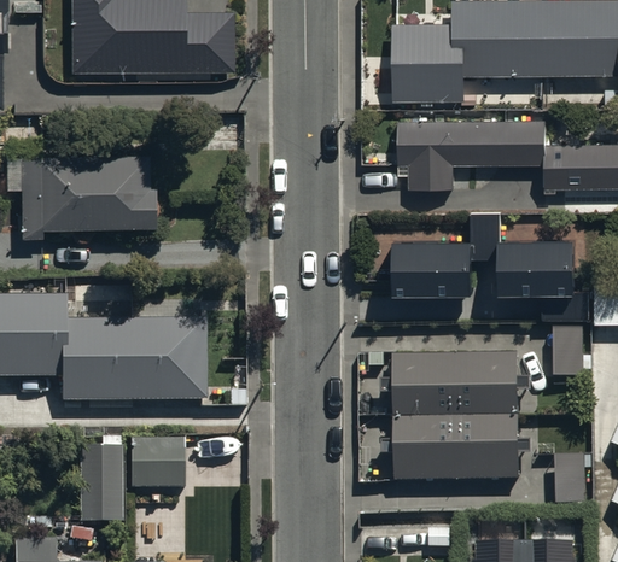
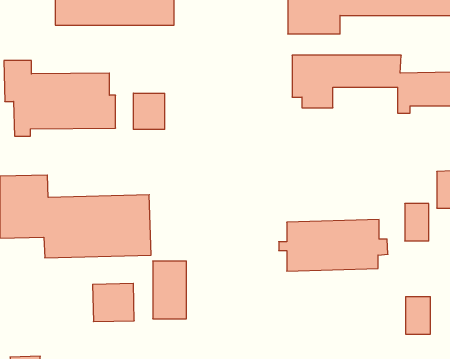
building: none -> [133,93,165,129]
building: [391,218,589,323] -> none
building: [380,414,529,480] -> none
building: [77,441,123,520] -> [153,261,186,319]

